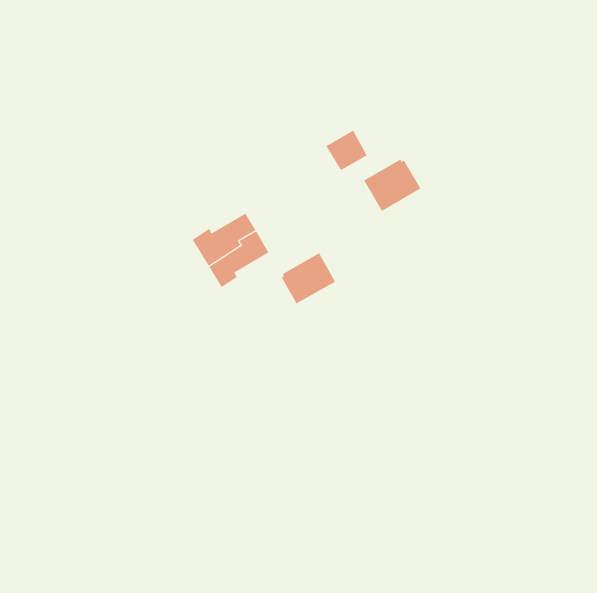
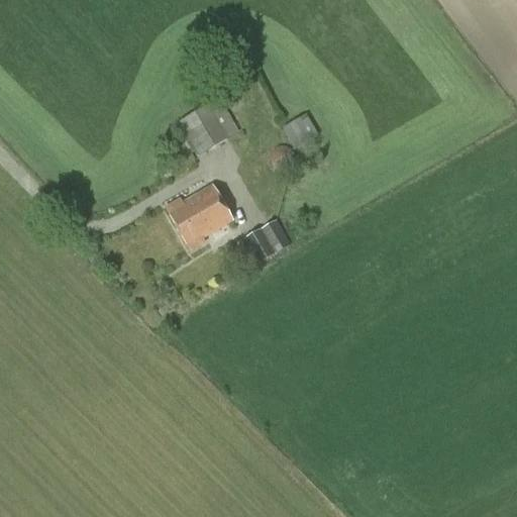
building: none -> [181,103,229,152]
building: [363,159,421,212] -> none

